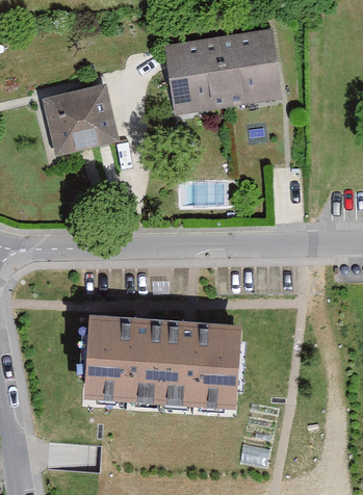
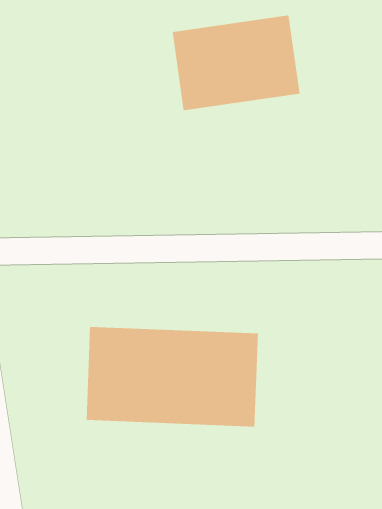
building: [45,80,121,152] -> none

